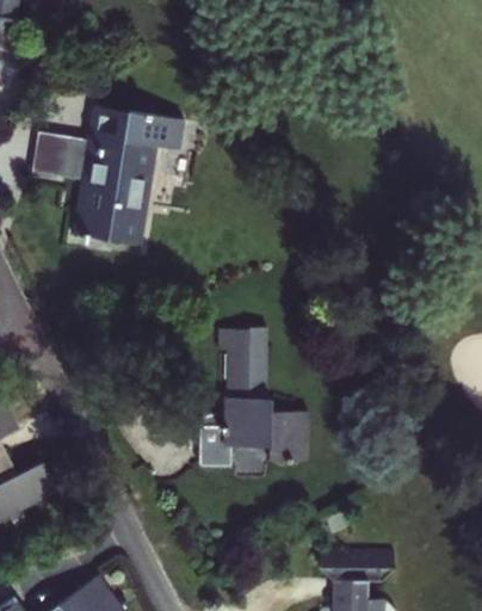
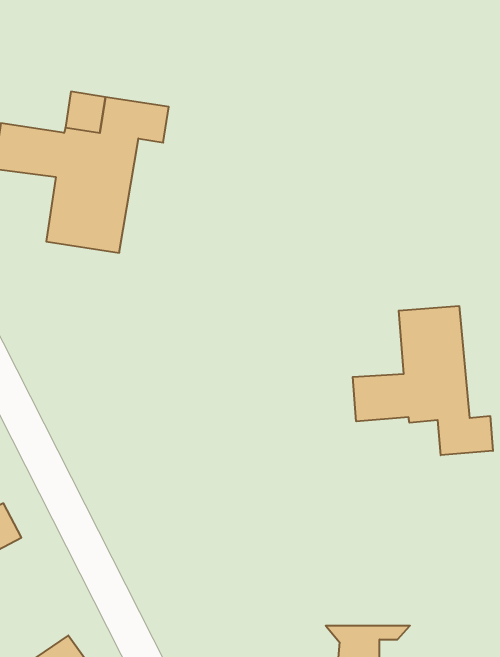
building: none -> [353,306,493,455]
building: [194,328,304,468] -> none

